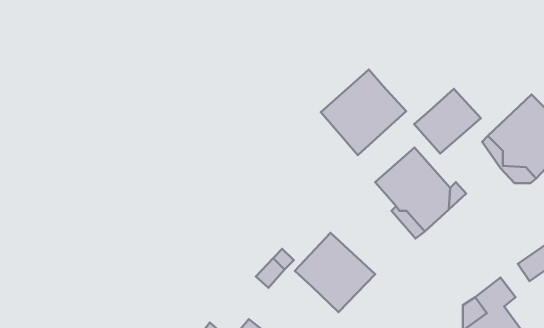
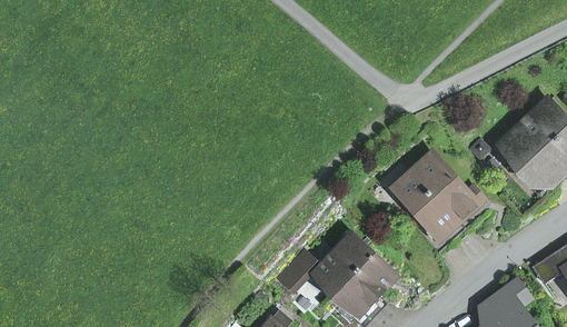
building: [321,69,406,155] -> none
building: [414,89,481,154] -> none

